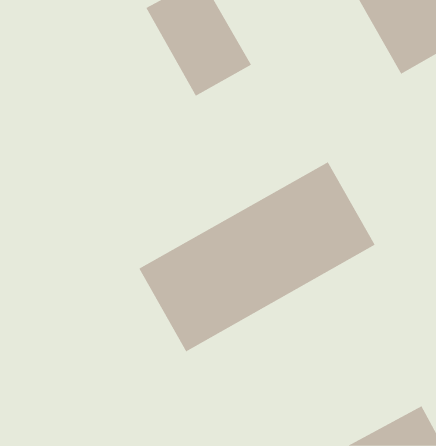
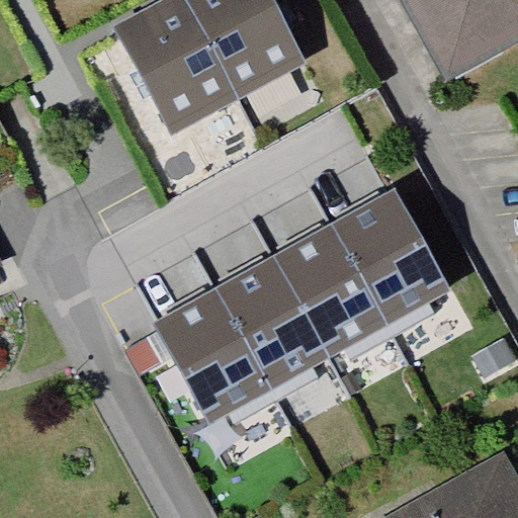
building: none -> [118,9,240,149]

